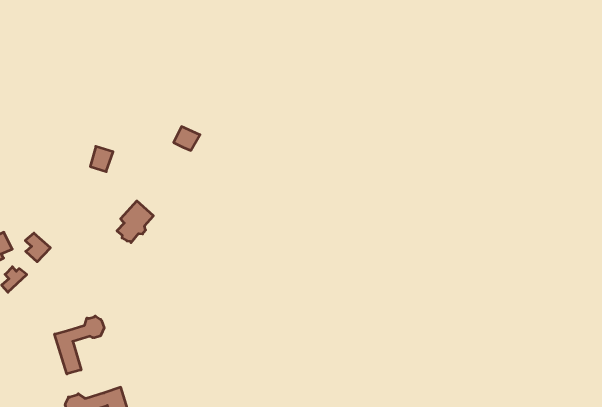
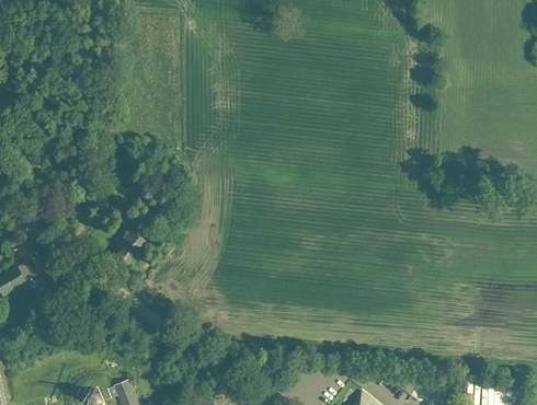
building: [55,316,104,374] -> none

